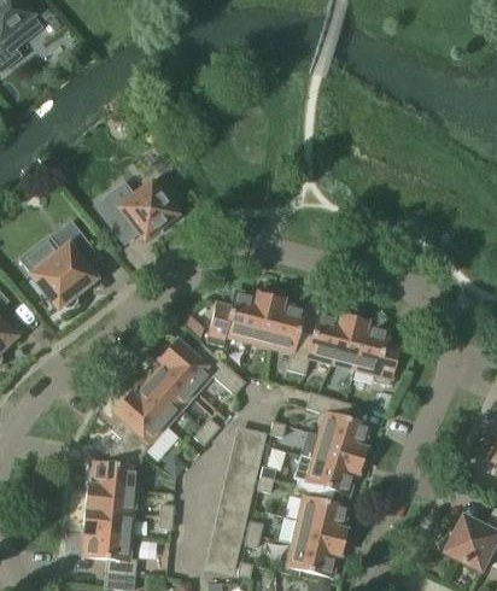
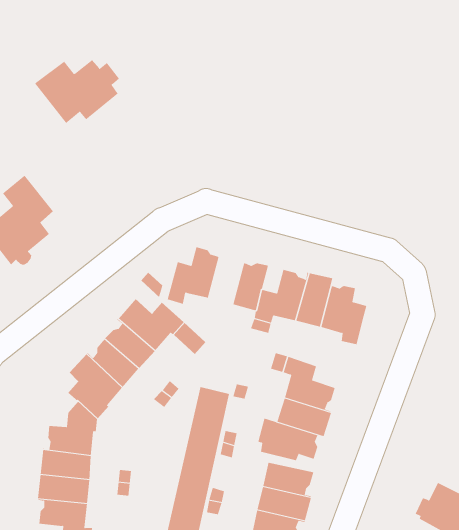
building: [95,181,177,242] -> [34,60,120,124]
building: [247,293,282,345] -> none

